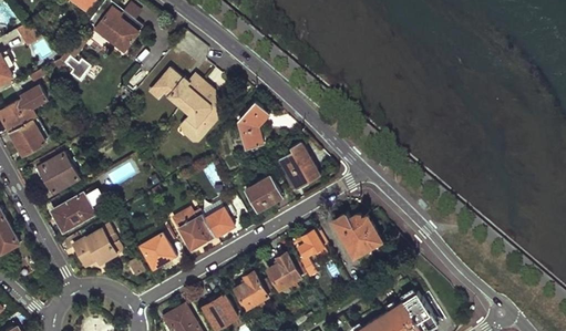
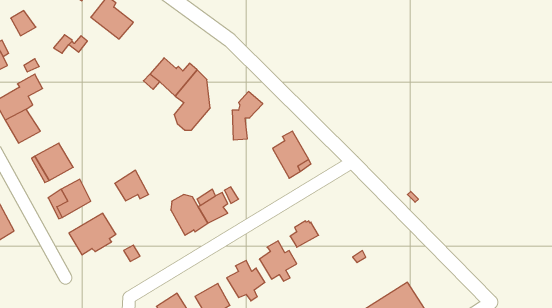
building: [244,175,281,211] -> none
building: [333,215,382,259] -> none
building: [142,232,176,263] -> [115,170,149,201]

